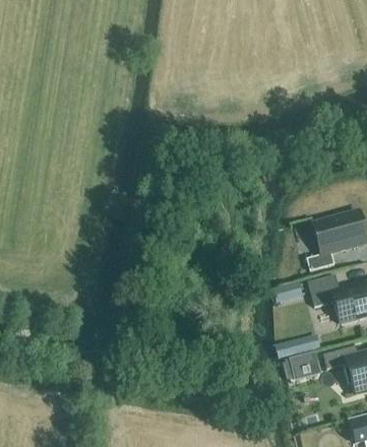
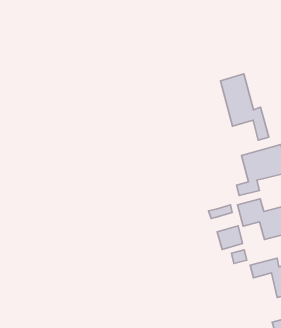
building: none -> [220,74,269,140]
building: [290,350,320,379] -> [217,226,243,250]

